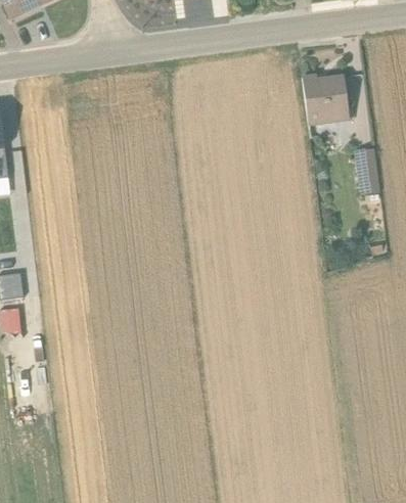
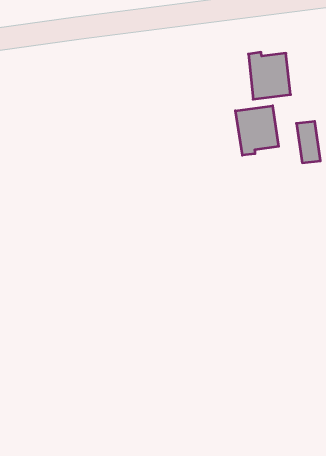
building: none -> [235,106,279,155]

